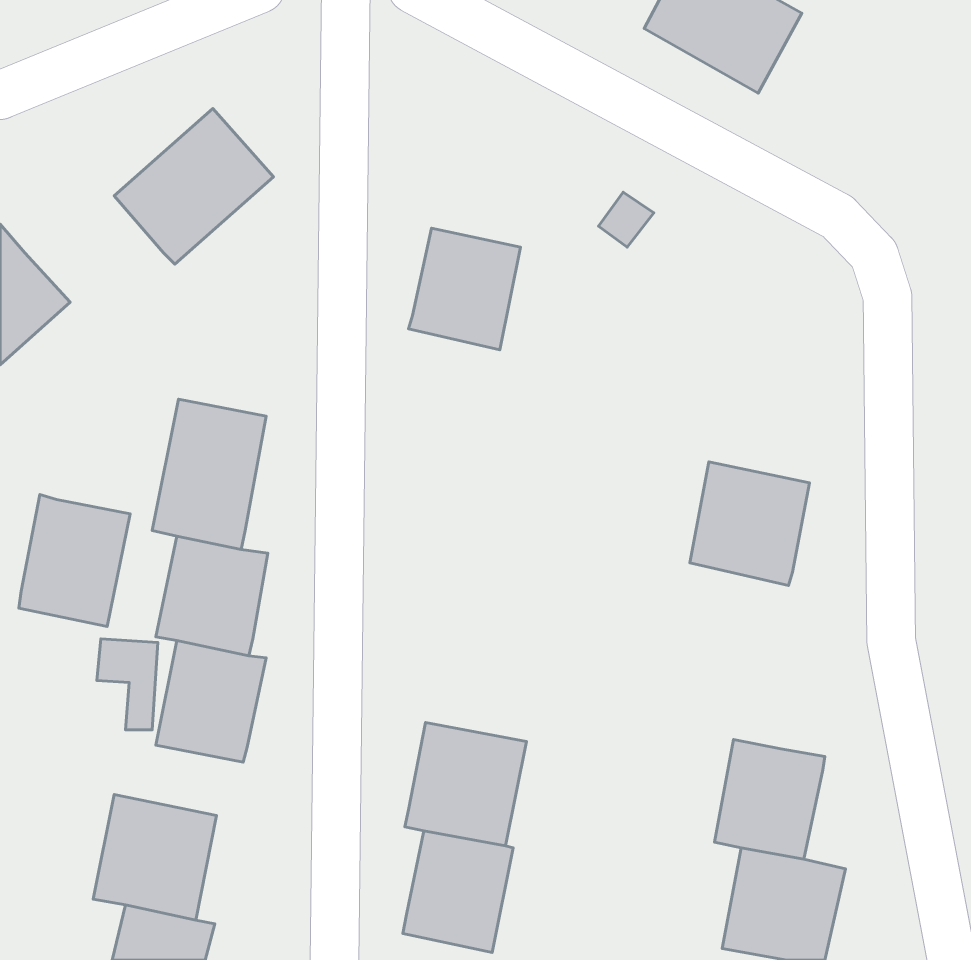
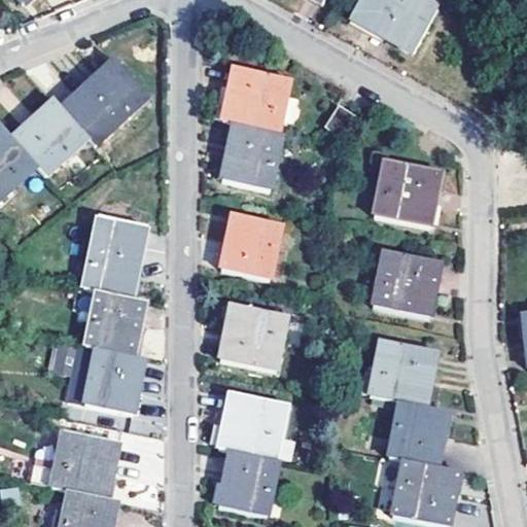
building: none -> [222,67,288,133]
building: none -> [13,100,89,173]
building: none -> [374,160,440,226]
building: none -> [221,212,280,277]
building: [19,495,130,627] -> none
building: none -> [220,303,287,370]
building: none -> [367,340,434,406]

